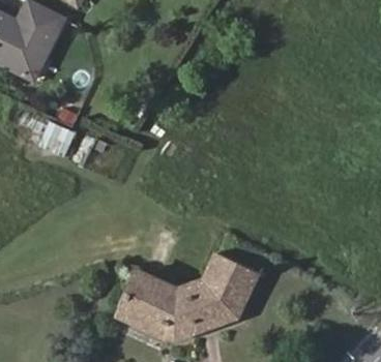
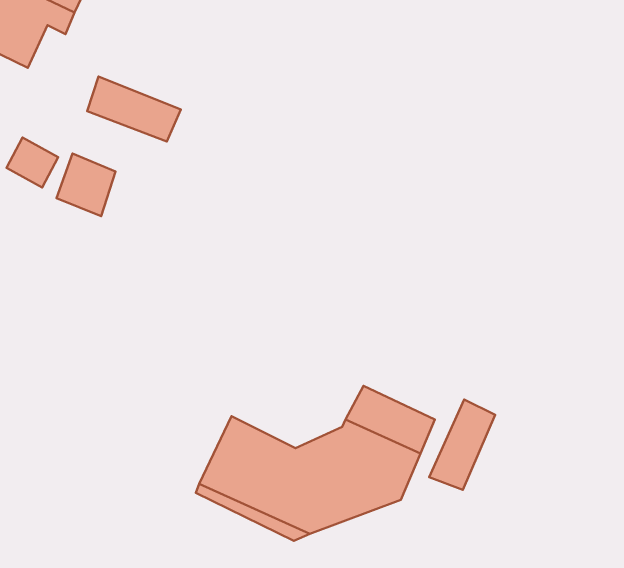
building: none -> [87,77,181,142]
building: none -> [429,400,495,490]

